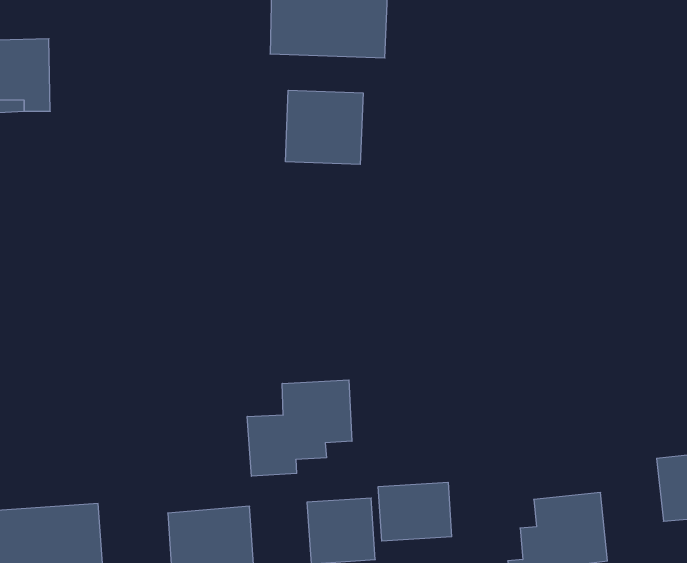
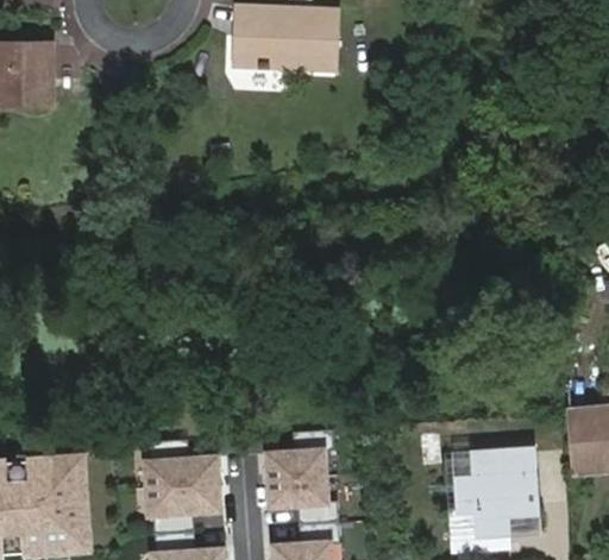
building: [286,90,363,164] -> none
building: [247,380,352,476] -> none
building: [378,482,452,541] -> none

